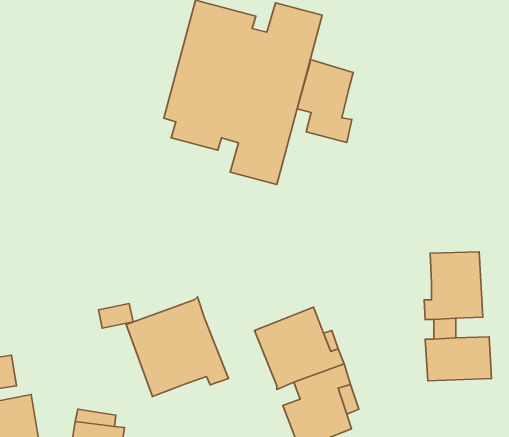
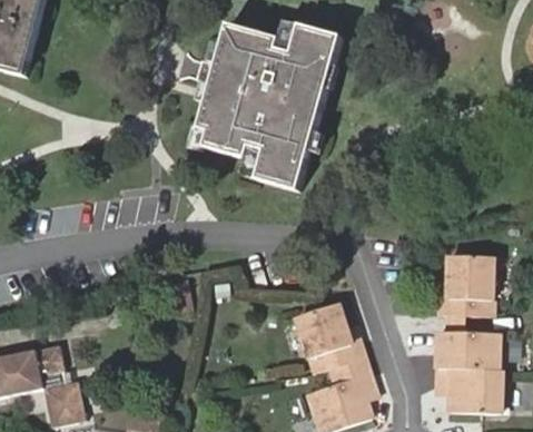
building: [297,59,353,143] -> none
building: [126,297,229,397] -> none
building: none -> [438,366,501,411]

